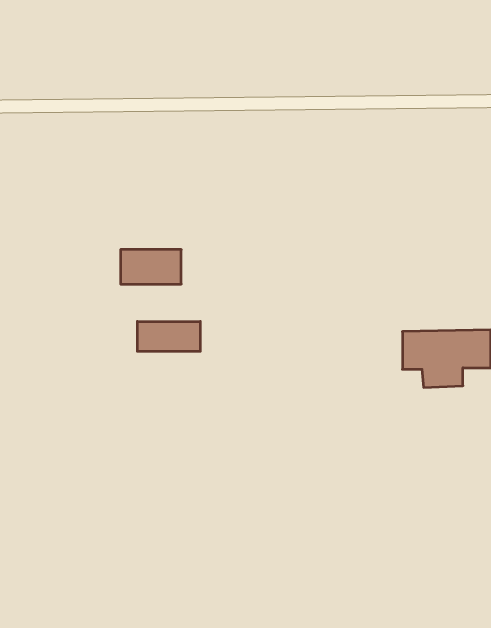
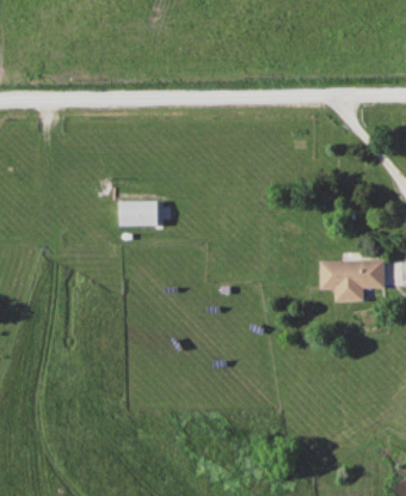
building: [137,321,200,351] -> none

